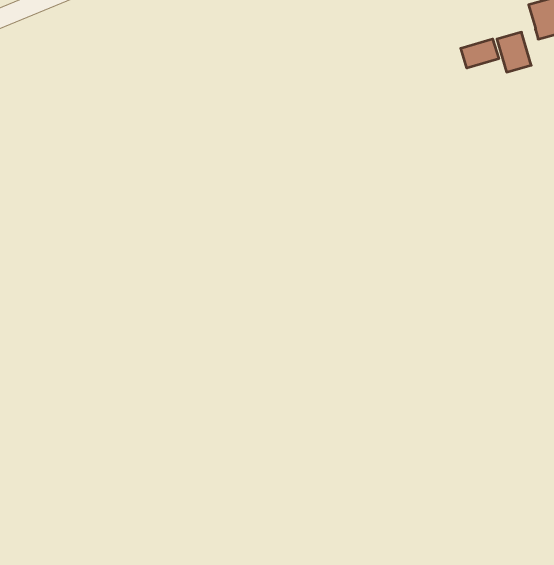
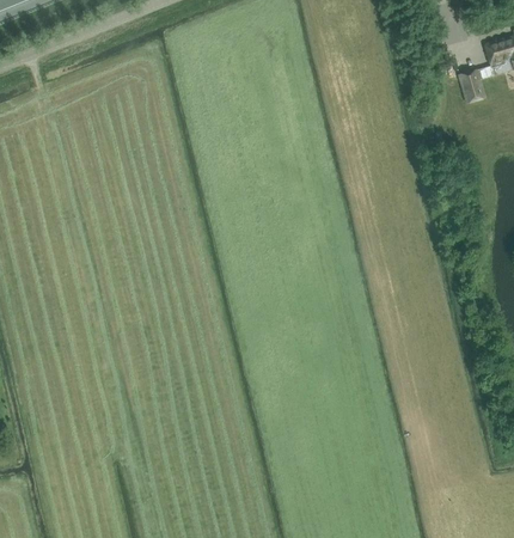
building: [461,39,499,68] -> none

